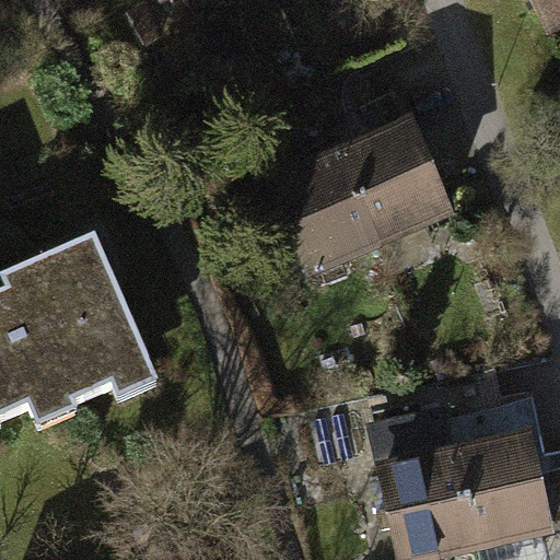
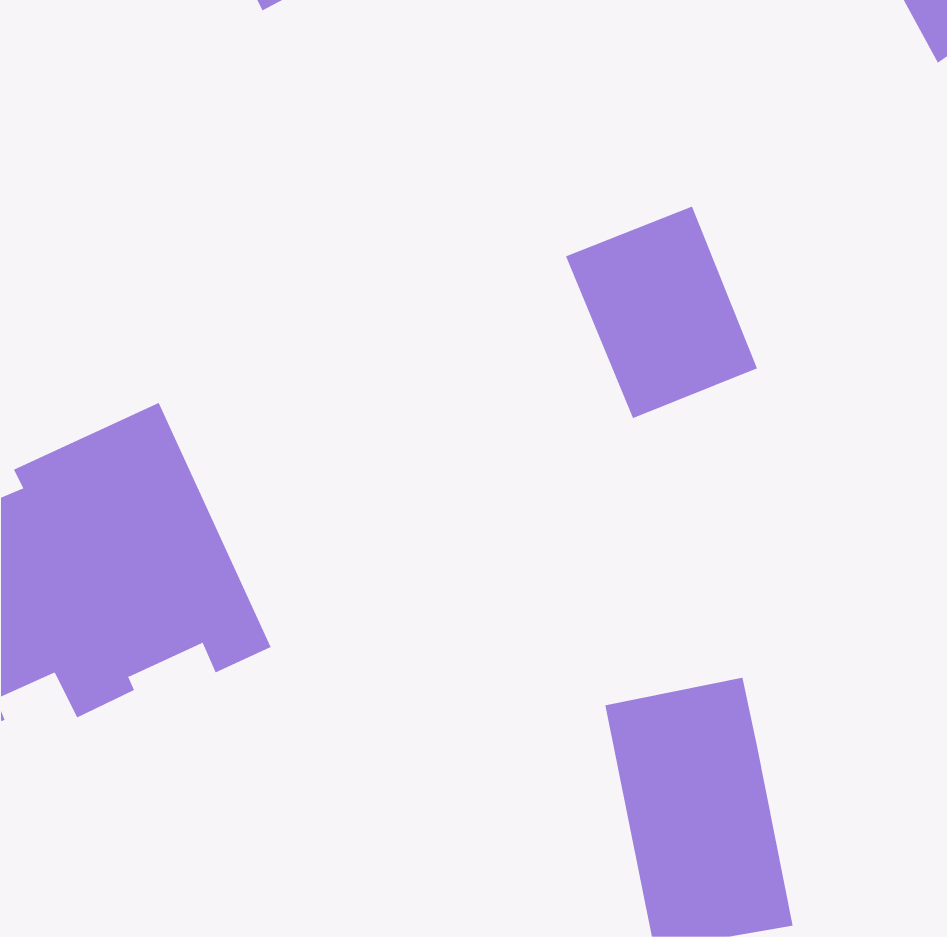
building: [262,150,375,275] -> none
building: [448,421,550,541] -> none

